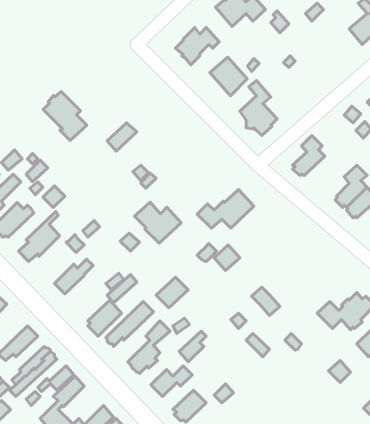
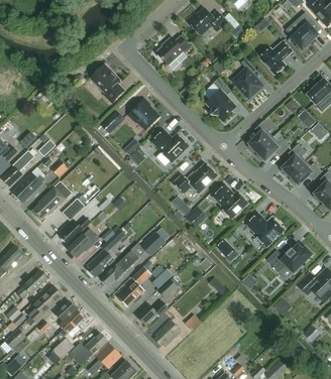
building: none -> [259,41,293,76]
building: [210,57,247,96] -> [233,69,262,99]
building: [43,92,87,140] -> [91,65,125,103]
building: none -> [129,100,159,129]
building: none -> [257,137,291,161]
building: [135,202,181,243] -> [152,130,189,162]
building: none -> [213,184,249,220]
building: none -> [248,215,284,246]
building: none -> [67,230,101,259]

